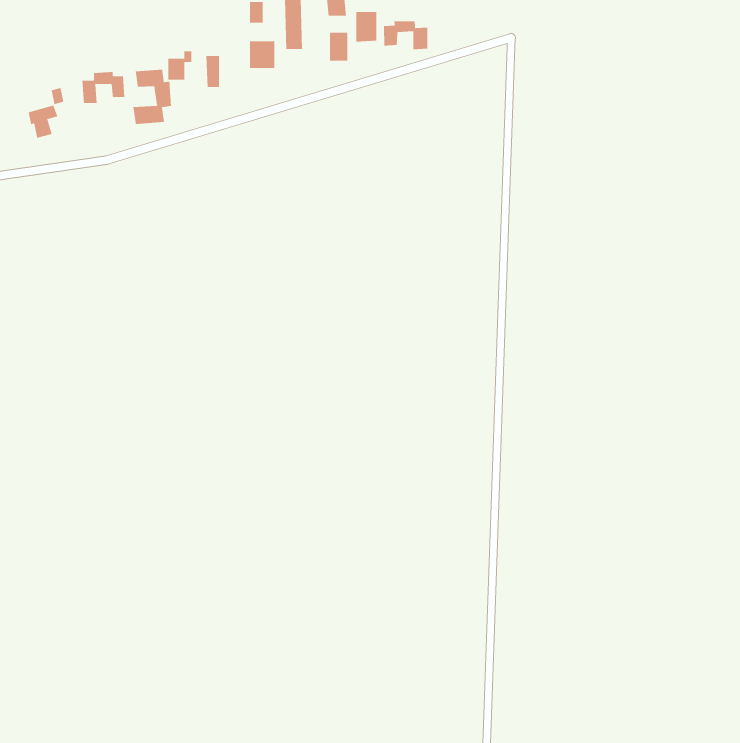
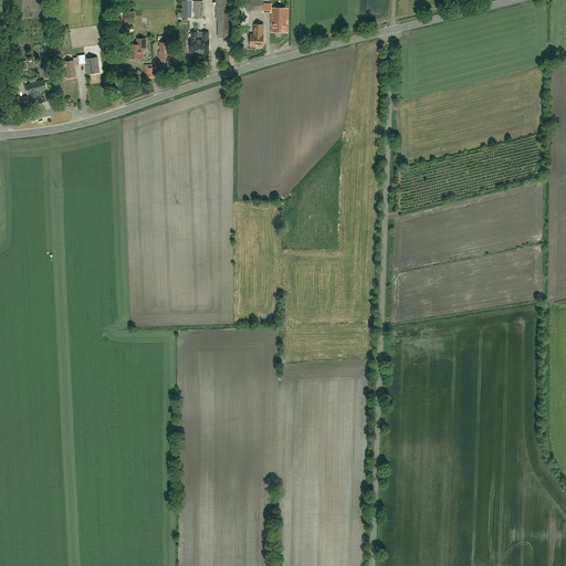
building: [384,21,428,50] -> none
building: [133,69,172,125] -> none

